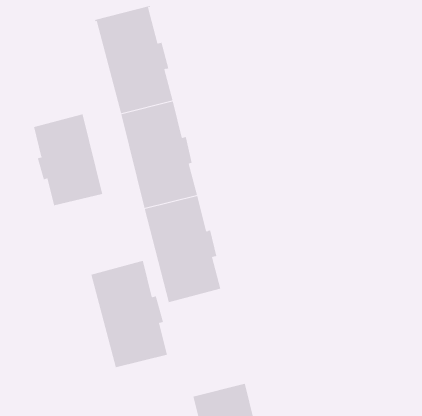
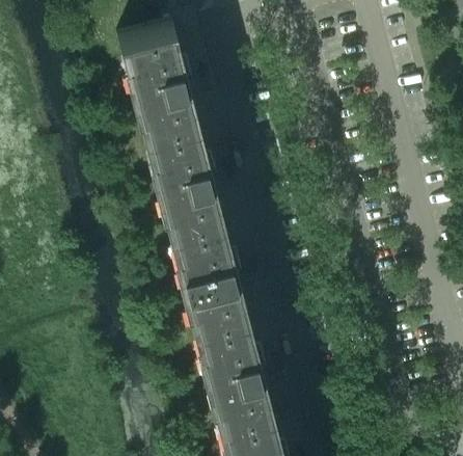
building: [33,114,103,206] -> none
building: [91,260,168,368] -> [192,310,271,420]

